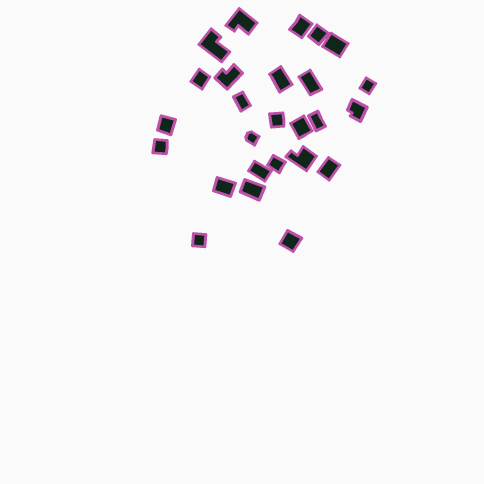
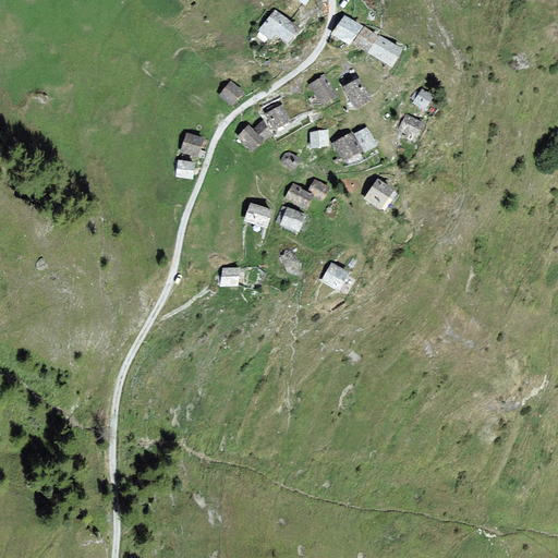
building: [199,29,230,62] -> none
building: [215,64,242,89] -> [238,121,269,149]
building: [286,147,316,171] -> none

